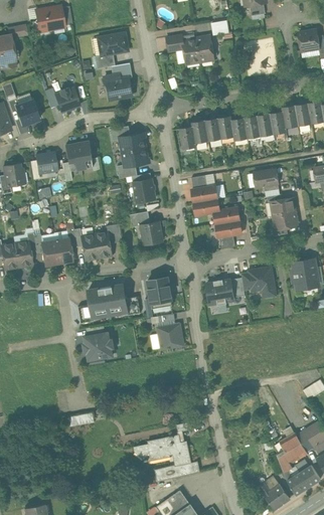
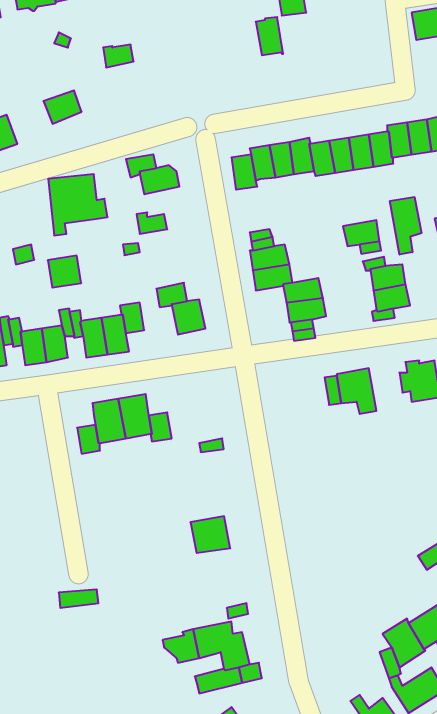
building: [98,33,128,56] -> none
building: [166,35,199,65] -> none
building: [105,73,137,100] -> none
building: [122,148,147,168] -> none
building: [34,153,56,174] -> [48,256,81,288]
building: none -> [390,197,421,255]
building: [133,180,154,203] -> none
building: [155,279,177,300] -> none
building: [205,281,232,305] -> none
building: [157,325,183,349] -> [190,516,230,553]
building: [88,328,121,356] -> none

